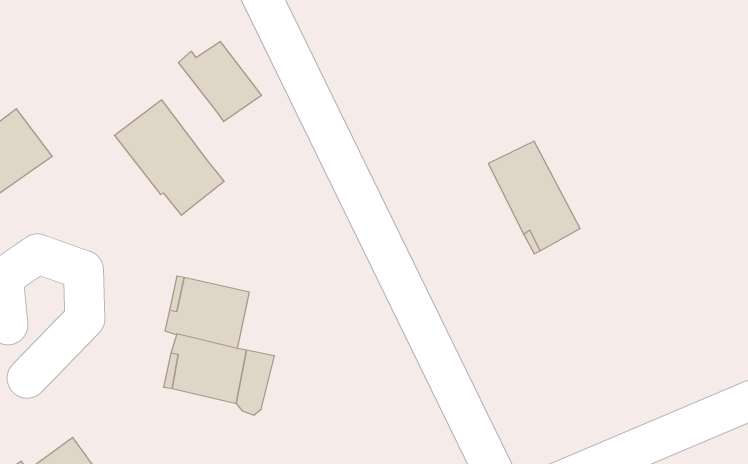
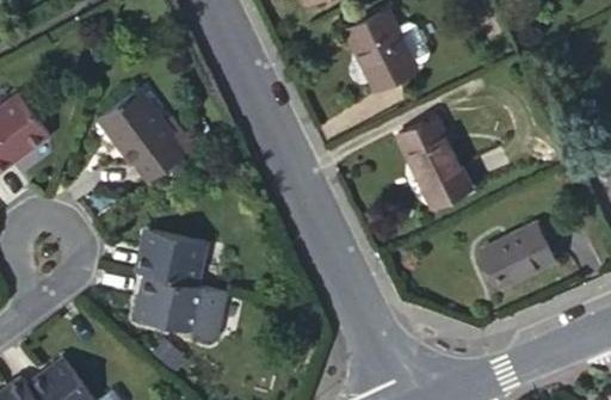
building: none -> [346,12,428,90]
building: [179,41,261,122] -> none
building: none -> [482,223,554,289]

